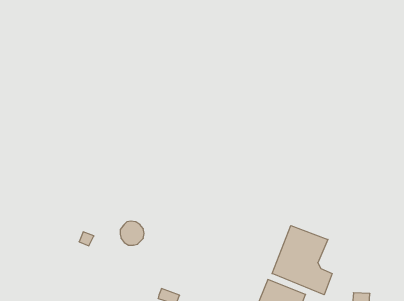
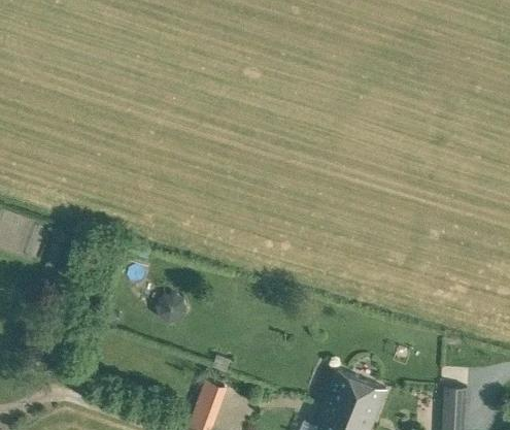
building: [272,226,332,295] -> none

